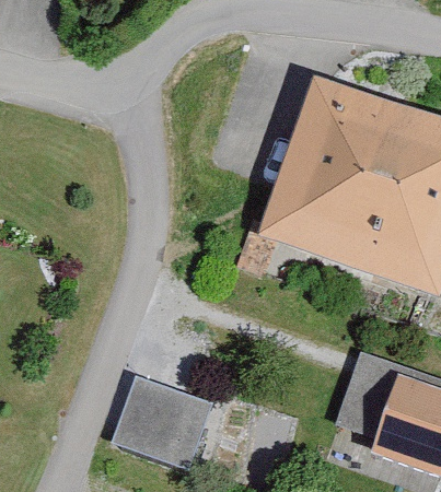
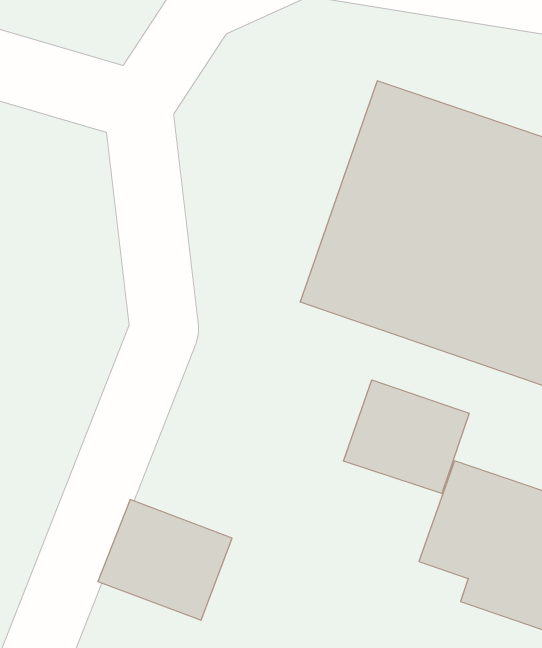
building: none -> [344,380,469,494]

